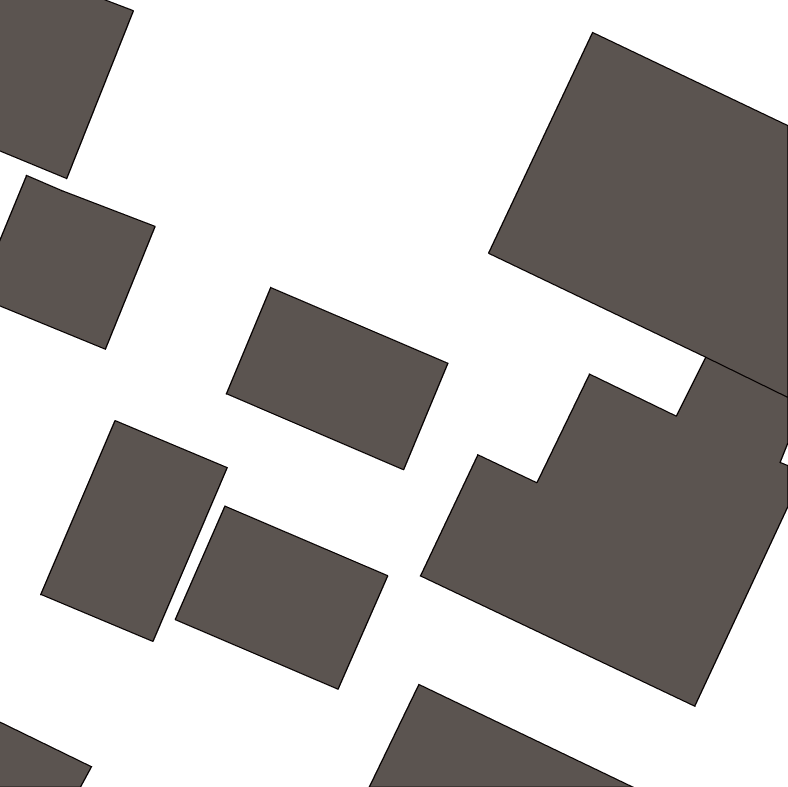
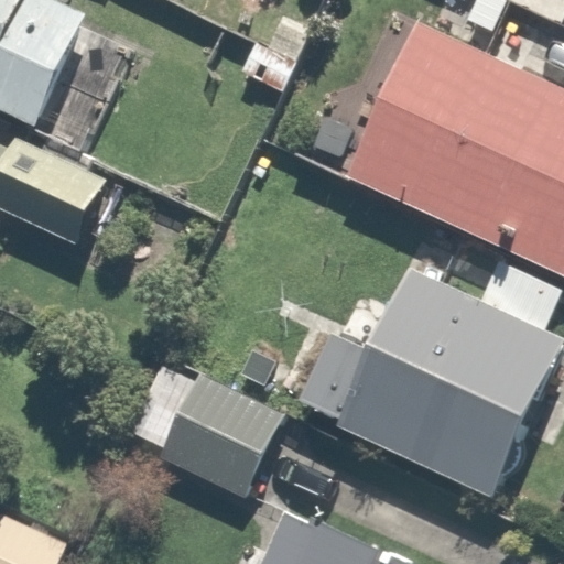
building: [226,287,448,470] -> none
building: [41,421,227,641] -> none

